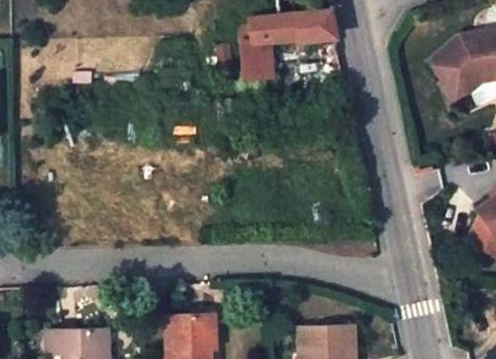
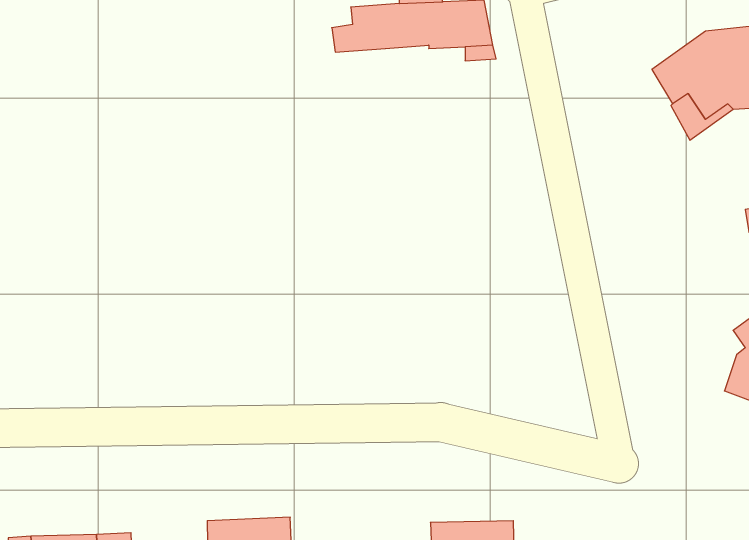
building: [241,41,274,79] -> none

